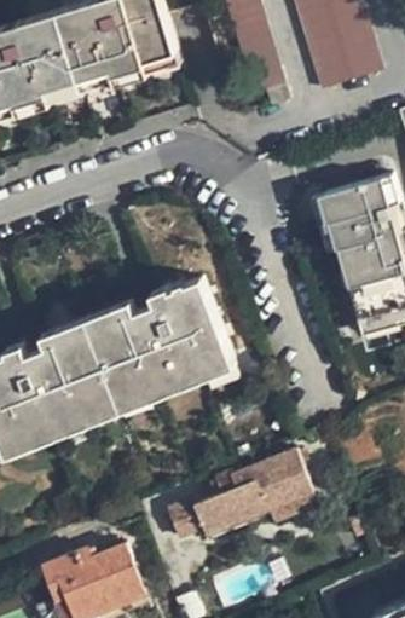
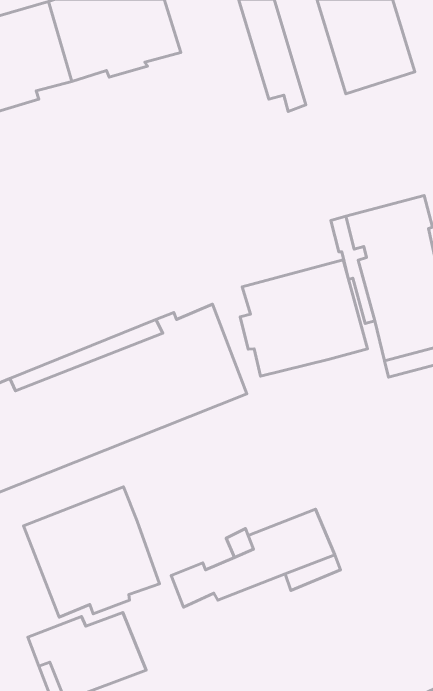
building: none -> [240,260,367,376]
building: none -> [24,487,160,617]

